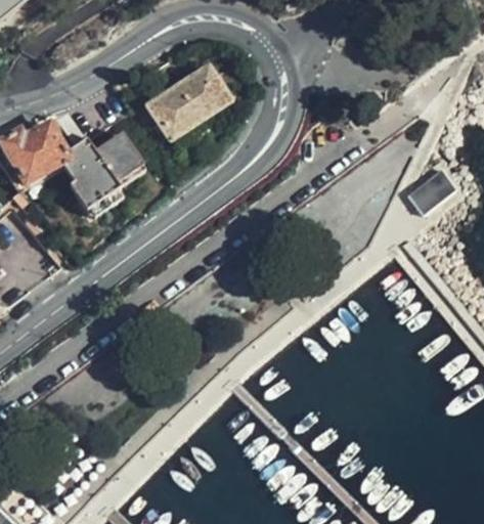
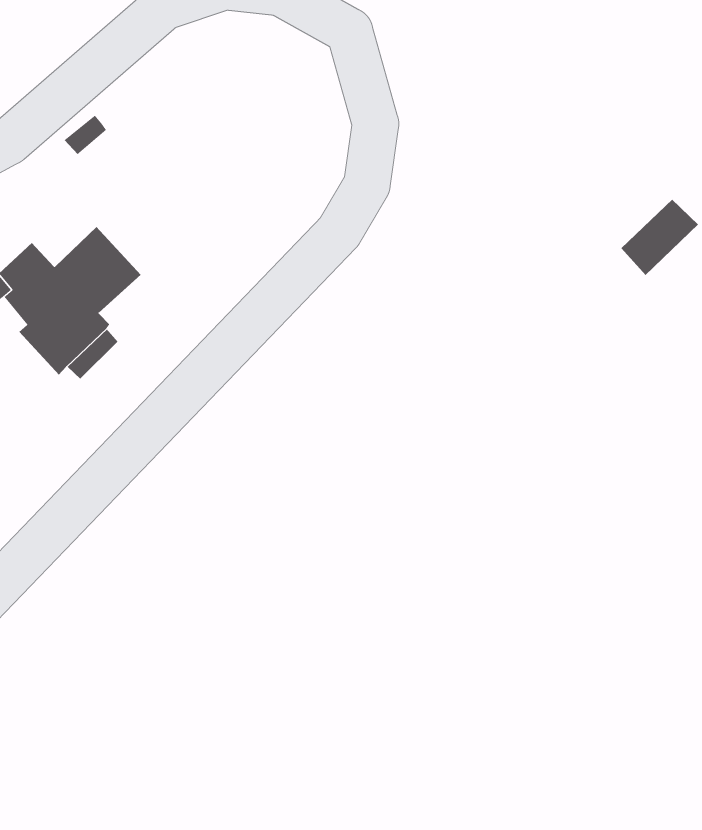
building: [156,67,224,138] -> none

